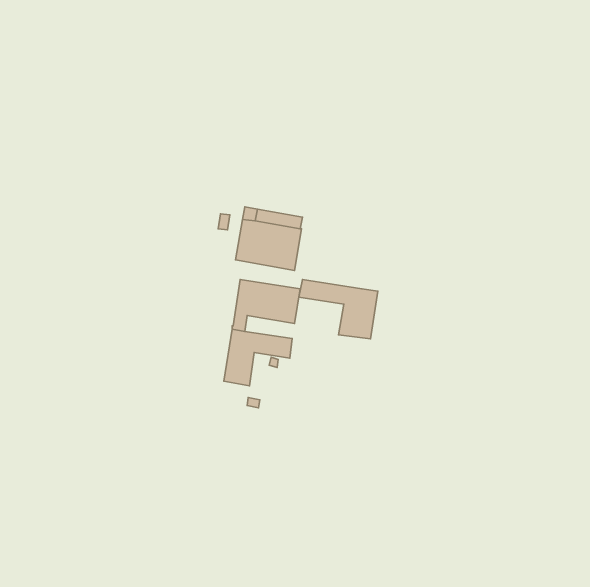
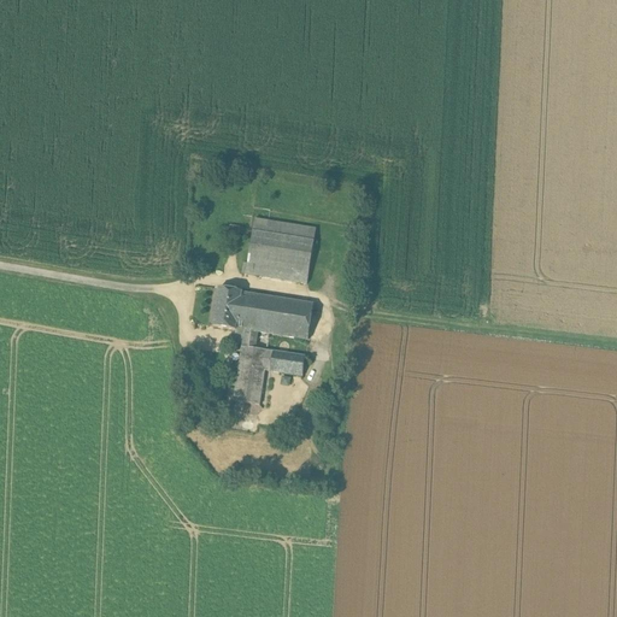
building: none -> [213,286,251,340]
building: [299,279,378,339] -> none

